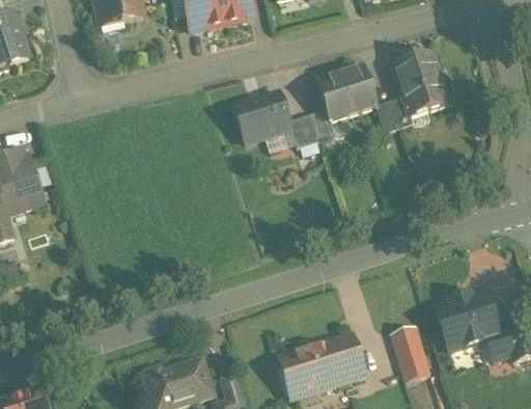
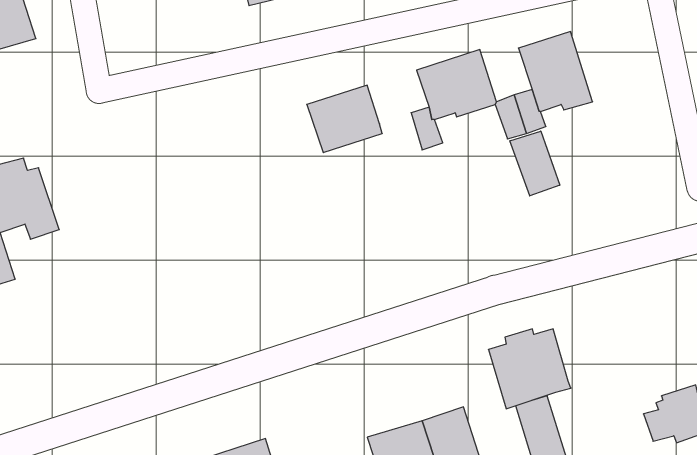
building: [287,112,319,147] -> none
building: none -> [510,131,560,196]
building: [436,292,498,352] -> [488,329,571,409]

